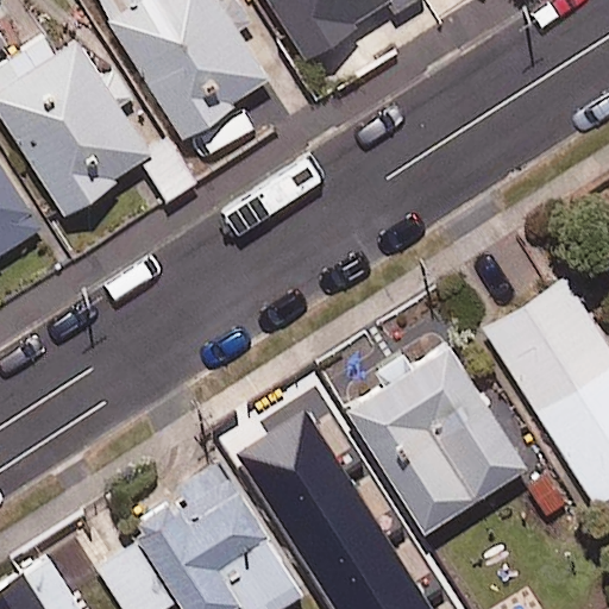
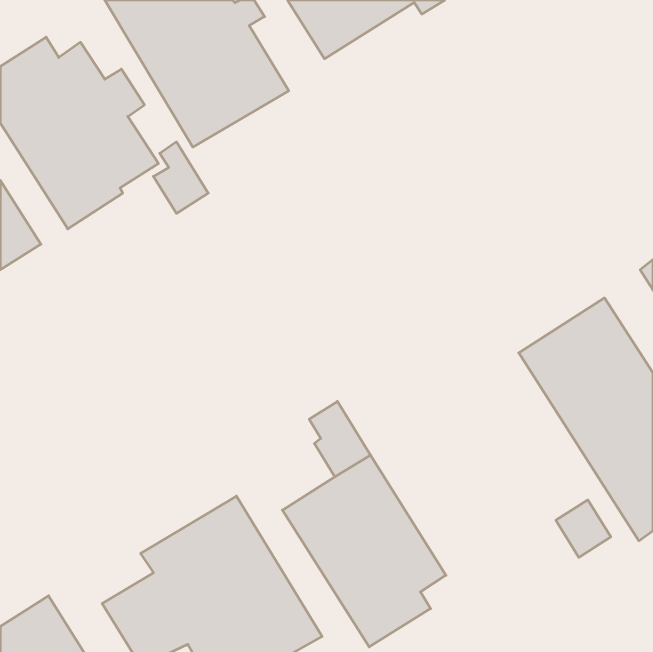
building: [345,345,525,532] -> none

